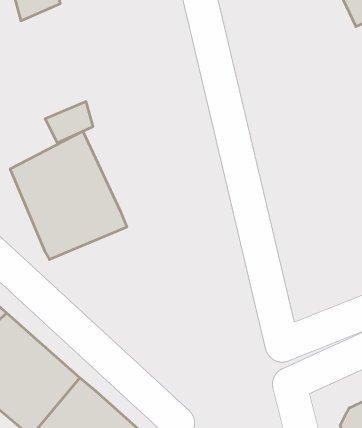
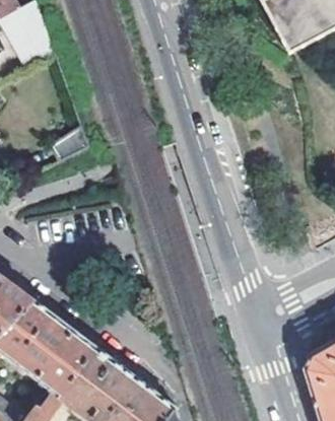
building: [10,131,127,260] -> none

